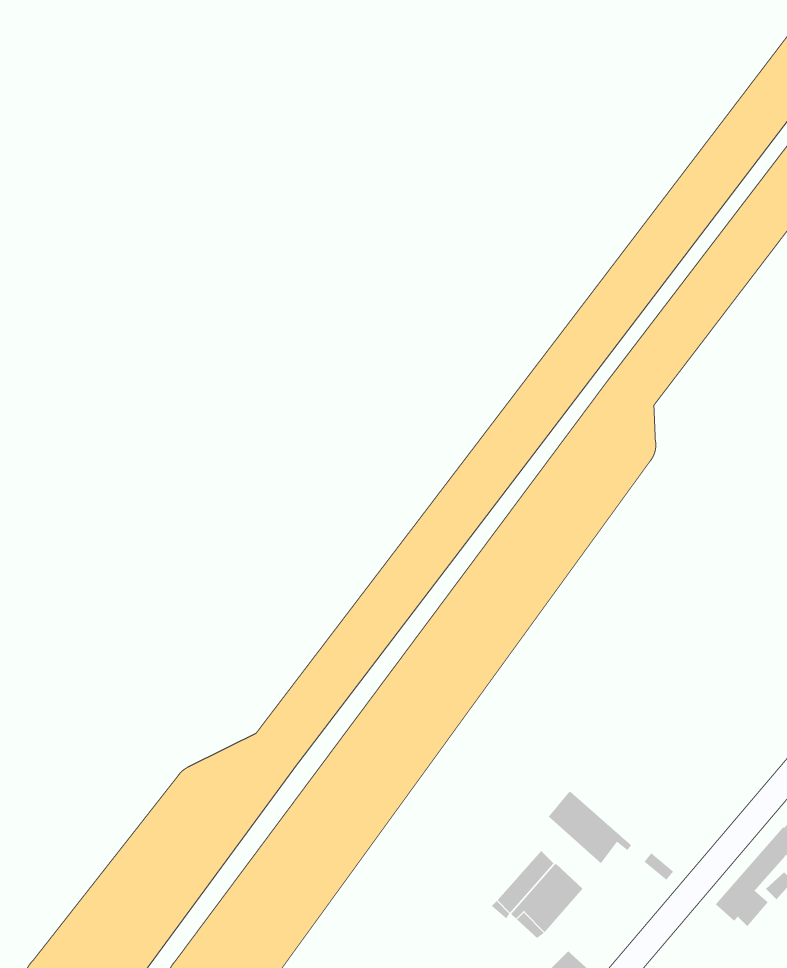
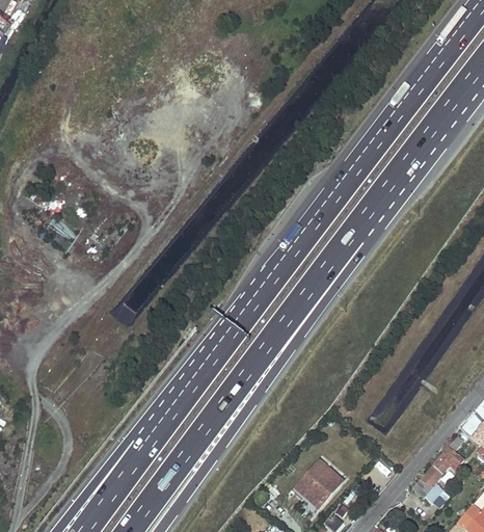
building: [548,791,632,864] -> none

